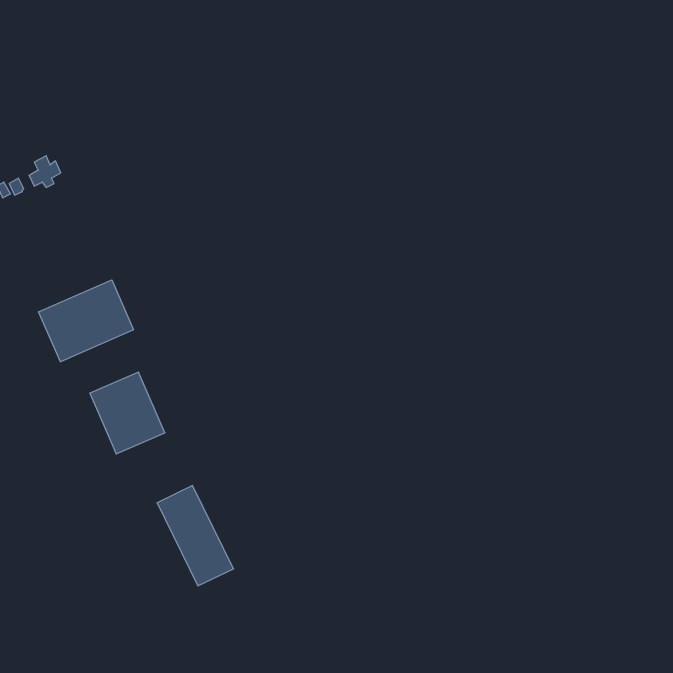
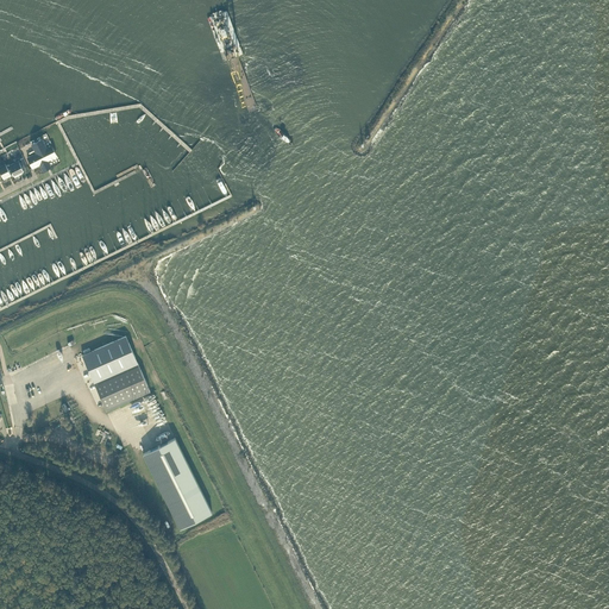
building: [39,280,134,362] -> none

